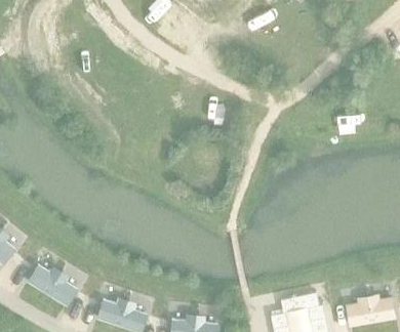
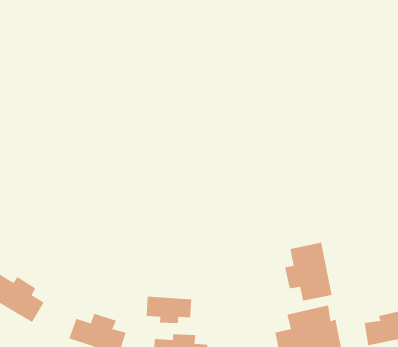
building: none -> [284,242,332,301]
building: none -> [146,296,192,324]

